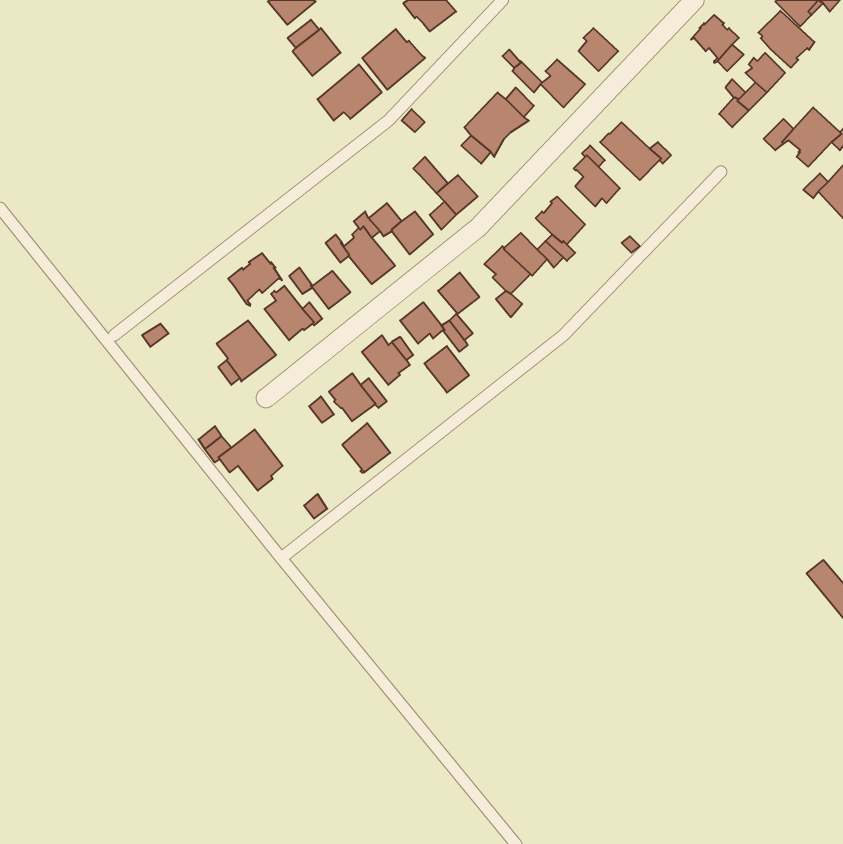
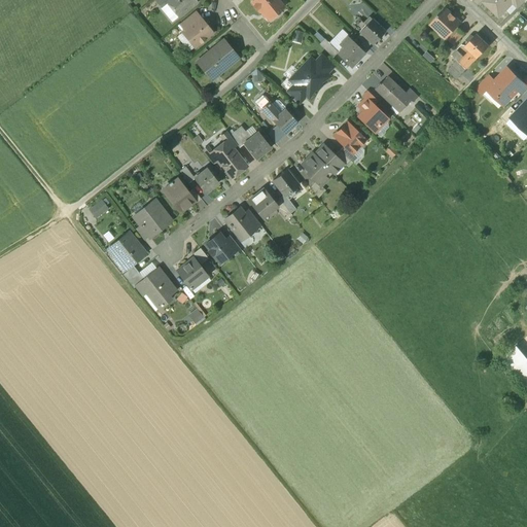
building: [758,11,815,68] -> none
building: [362,29,425,90] -> none
building: [228,253,282,306] -> none
building: [424,346,469,393] -> none
building: none -> [109,232,145,270]
building: [342,423,390,473] -> [178,257,208,288]

